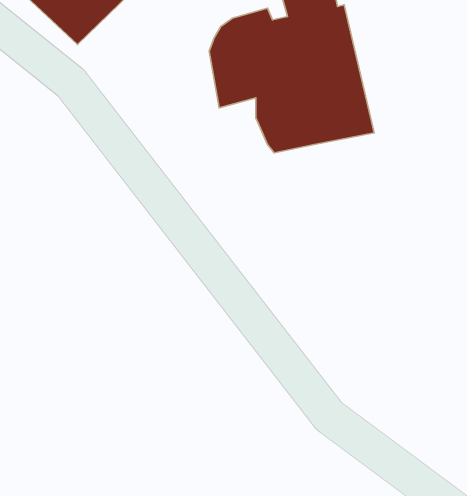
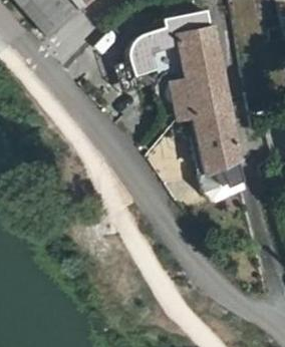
building: none -> [192,95,246,180]

